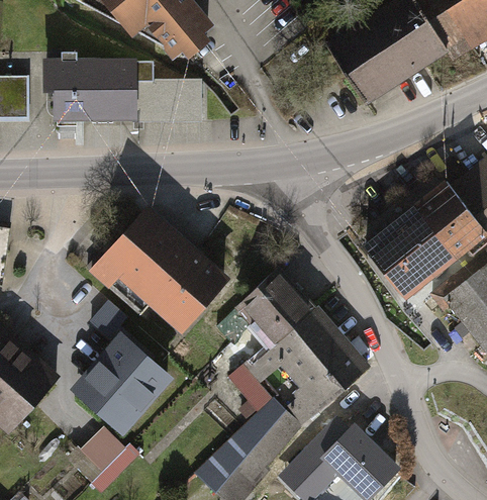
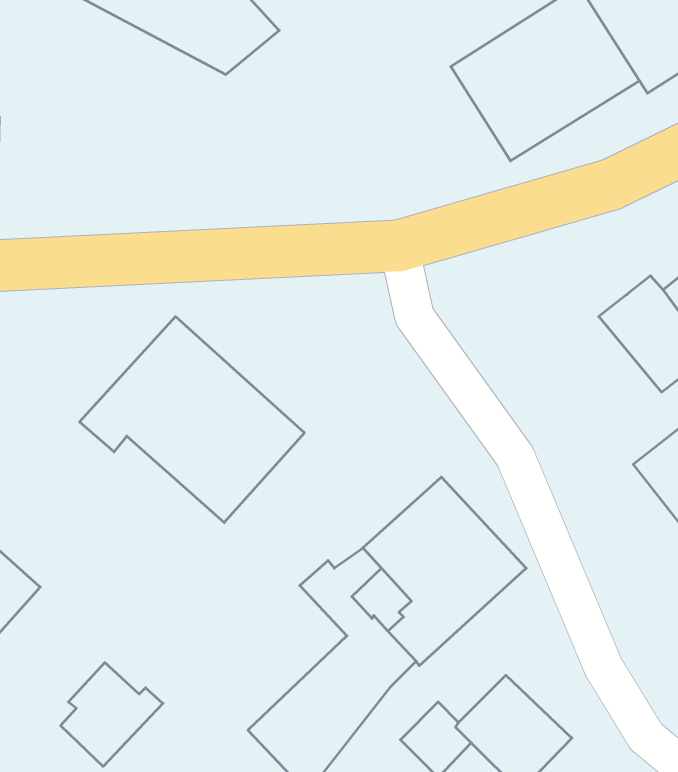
building: [45,49,199,120] -> none
building: [369,205,458,294] -> none
building: [214,266,315,355] -> none
building: [75,298,182,440] -> none

